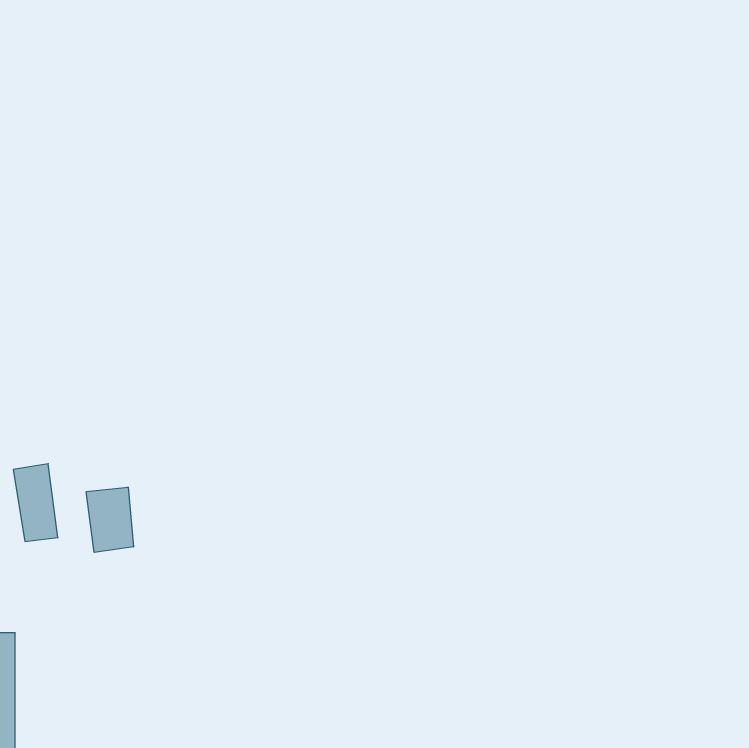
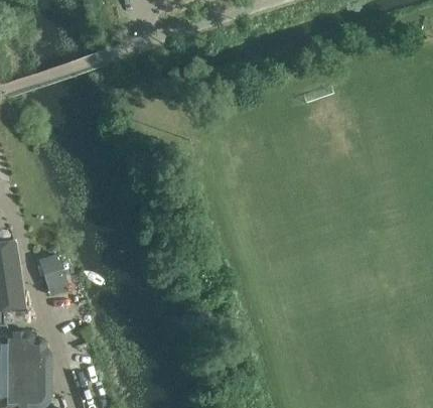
building: [86,487,133,552] -> none

